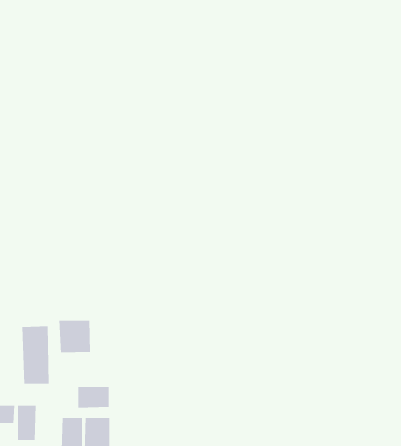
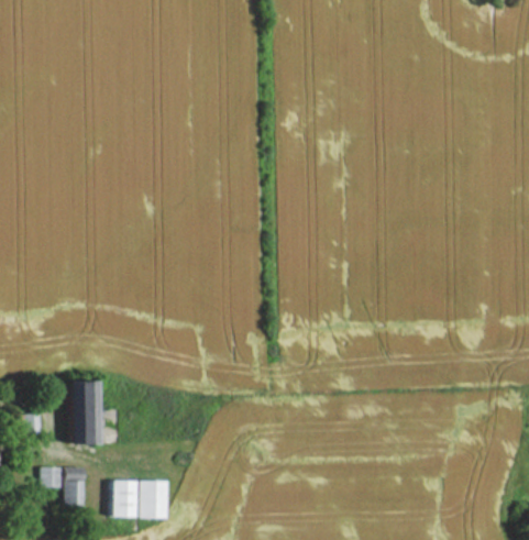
building: [59,320,90,353] -> none
building: [78,386,109,408] -> none

